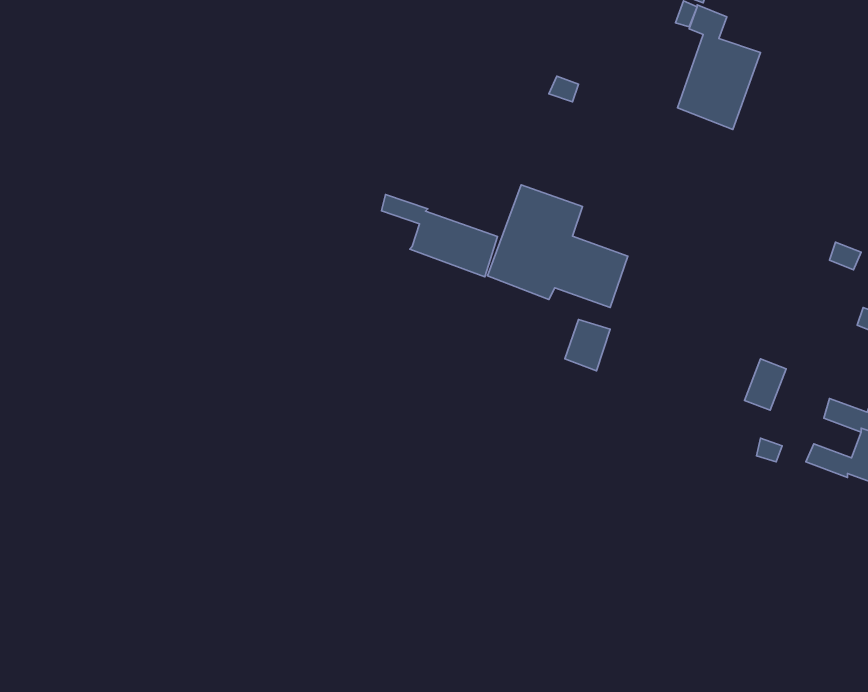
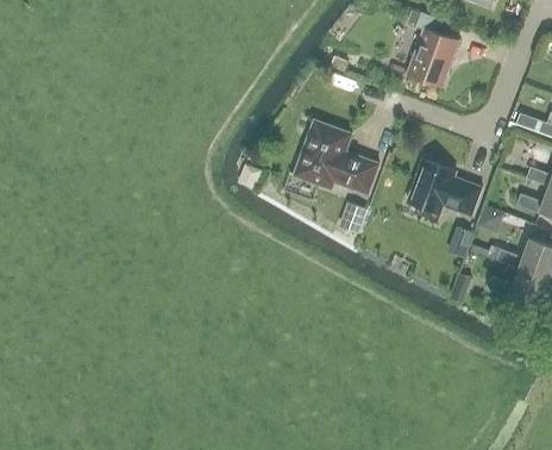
building: [381,194,497,277] -> none
building: none -> [407,160,482,217]

